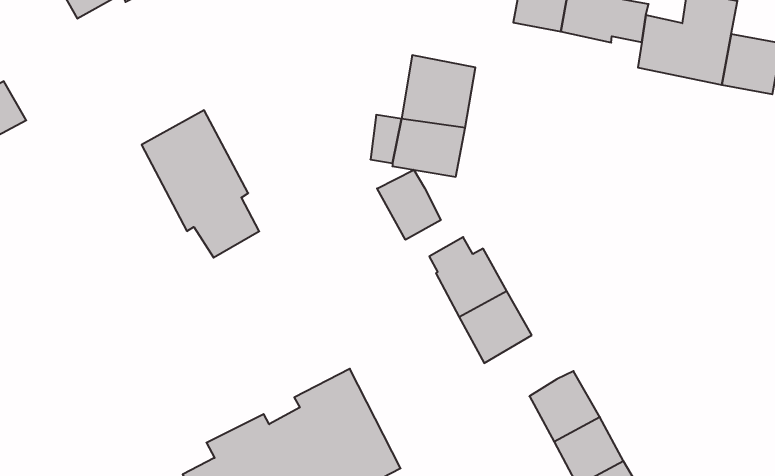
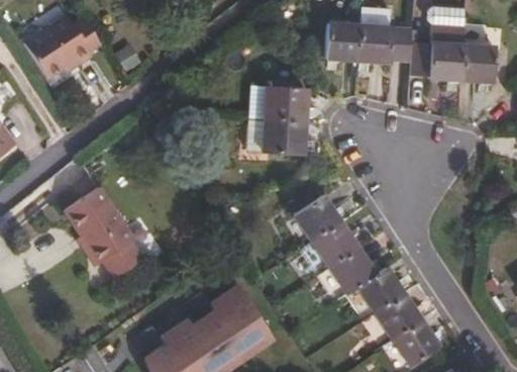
building: [142,110,259,258] -> [64,182,142,274]
building: [377,170,441,240] -> none
building: none -> [327,250,374,296]

